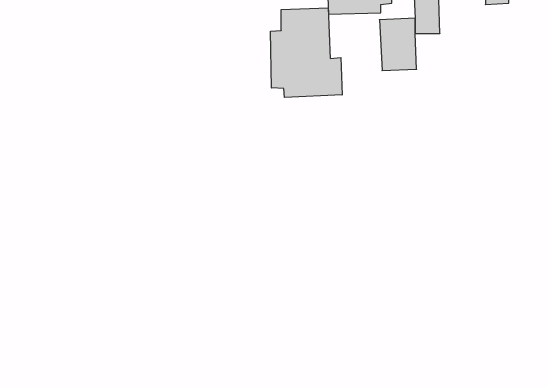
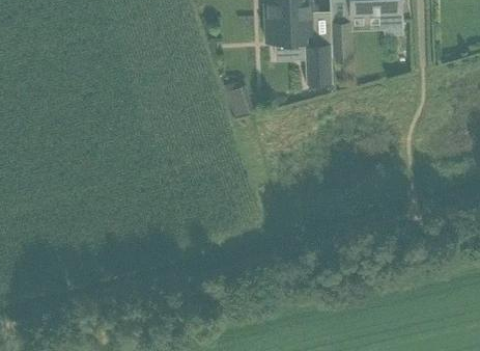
building: [271,8,342,97] -> none

